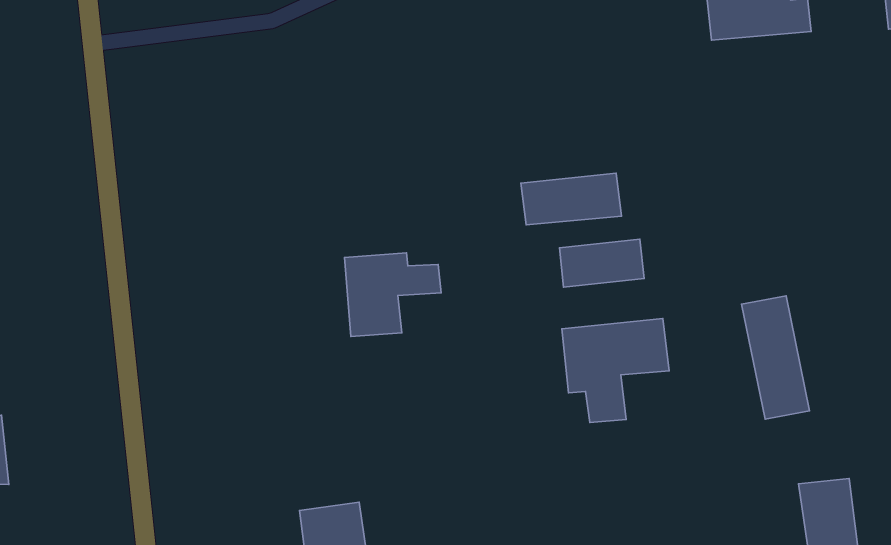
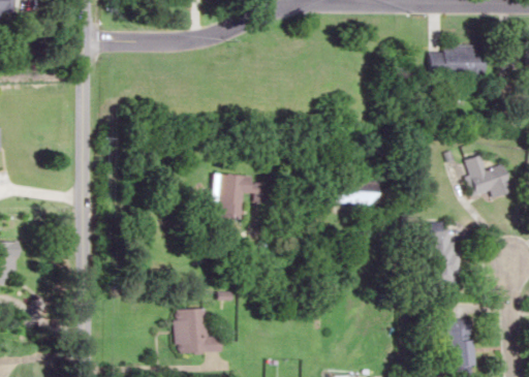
building: none -> [463,153,509,196]
building: [521,173,622,225] -> none
building: [562,318,669,422] -> none

